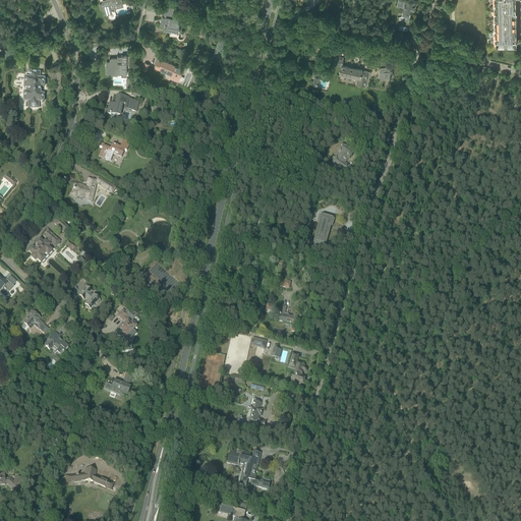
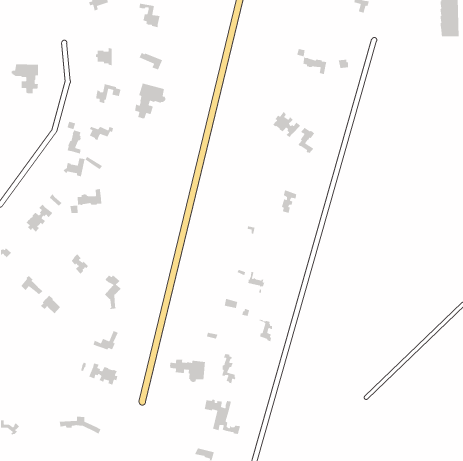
building: none -> [134,82,166,119]
building: none -> [273,111,301,138]
building: none -> [66,121,82,154]
building: none -> [70,188,102,214]
building: none -> [169,359,206,383]
building: none -> [88,363,118,386]

